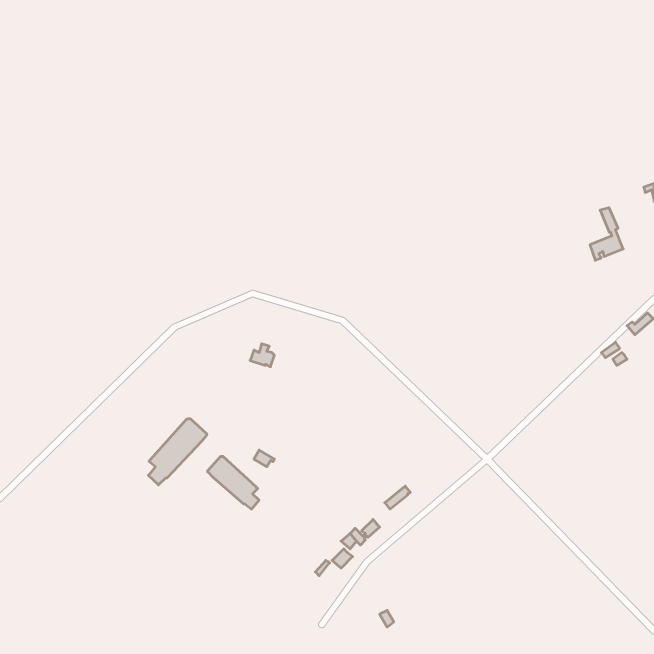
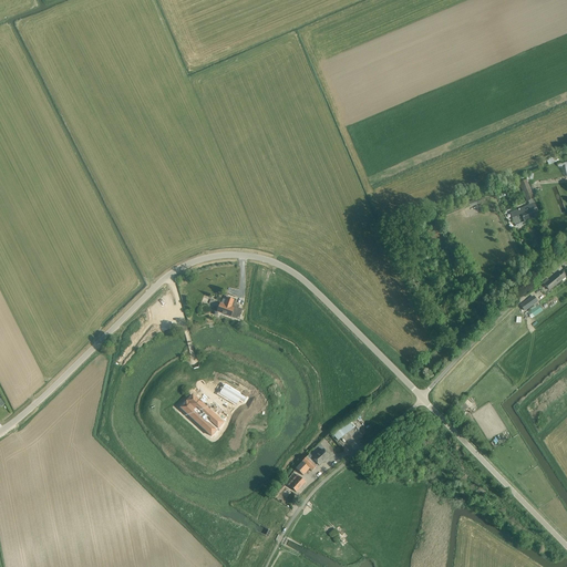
building: [148,419,207,485] -> none

